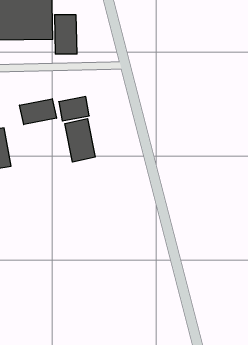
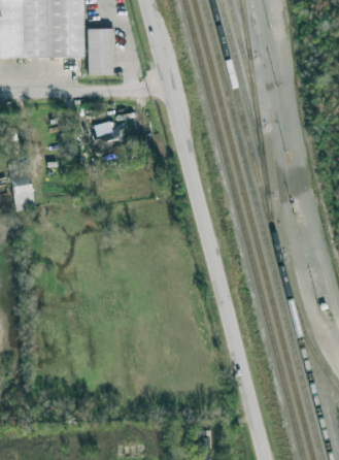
building: [20,99,56,125] -> none
building: [65,119,95,162] -> none

